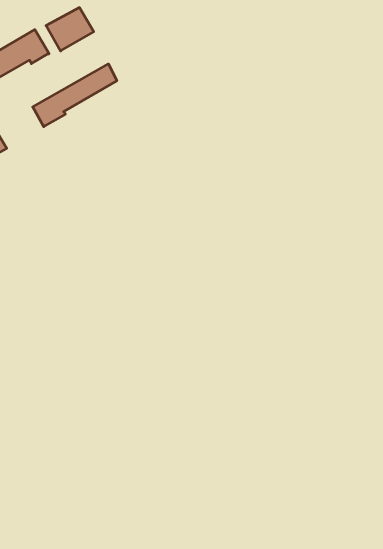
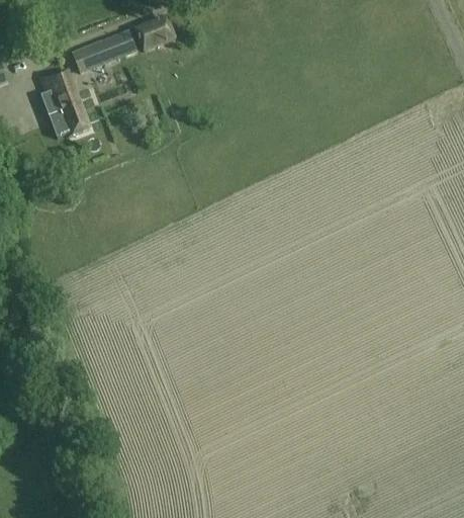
building: [33,64,117,127] -> none

